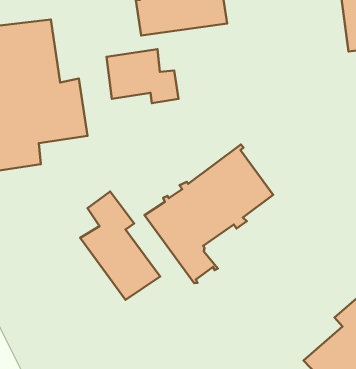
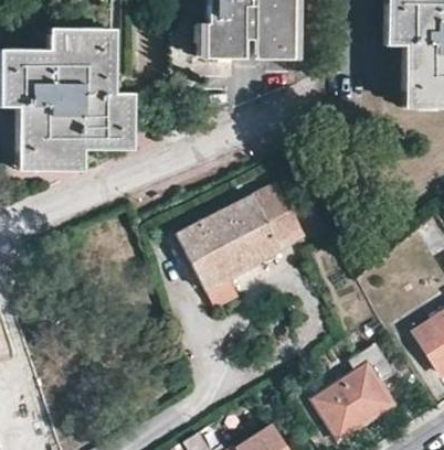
building: [107,49,179,103] -> none
building: [80,191,160,300] -> none

